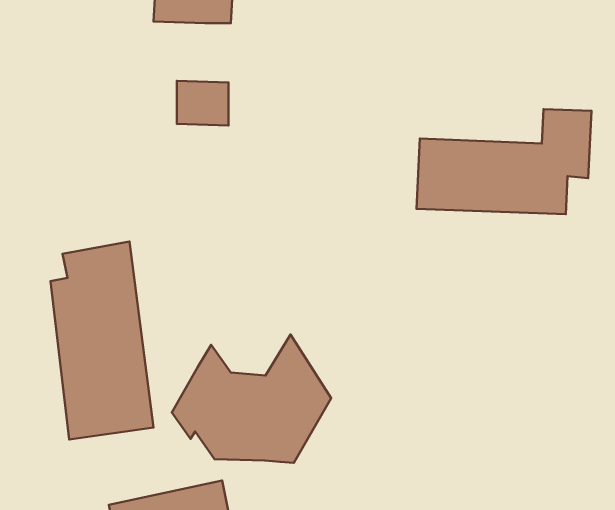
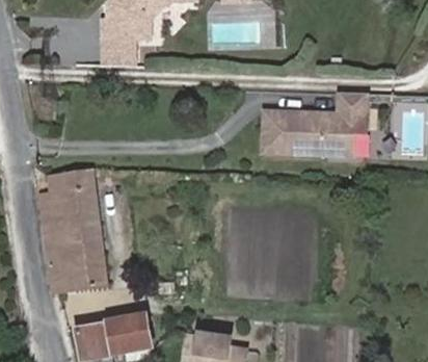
building: [177,81,229,125] -> [104,35,135,62]
building: [172,334,331,463] -> none

